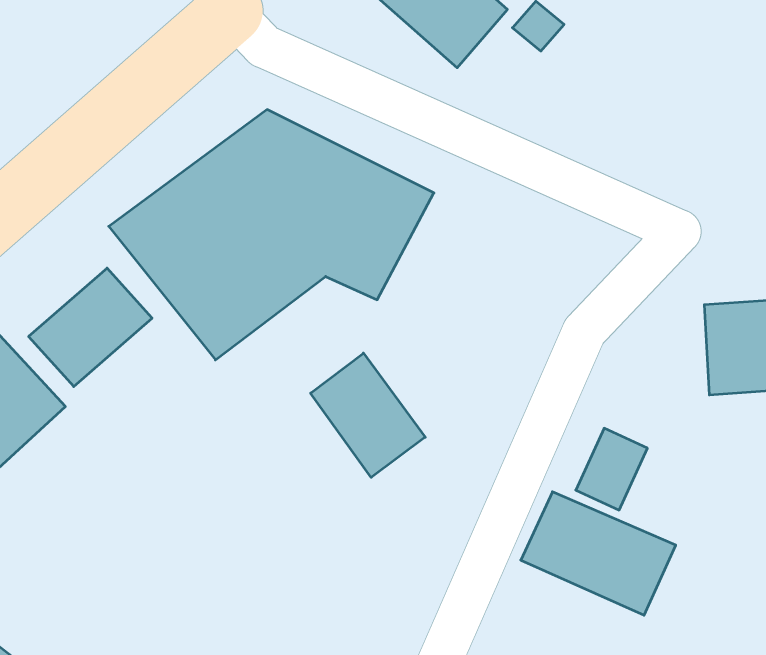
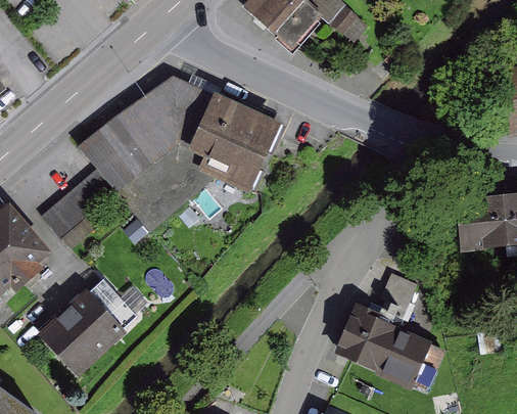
building: [311,353,425,477] -> none
building: none -> [44,279,135,367]

